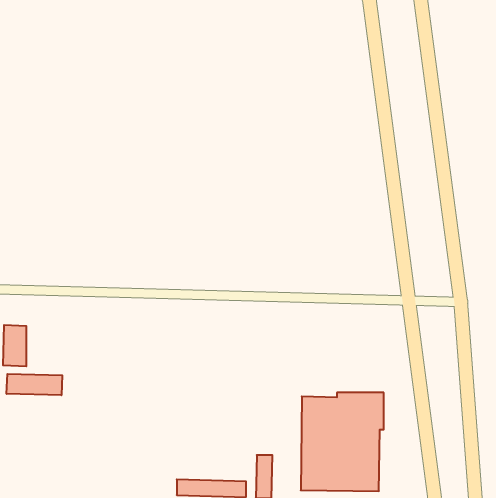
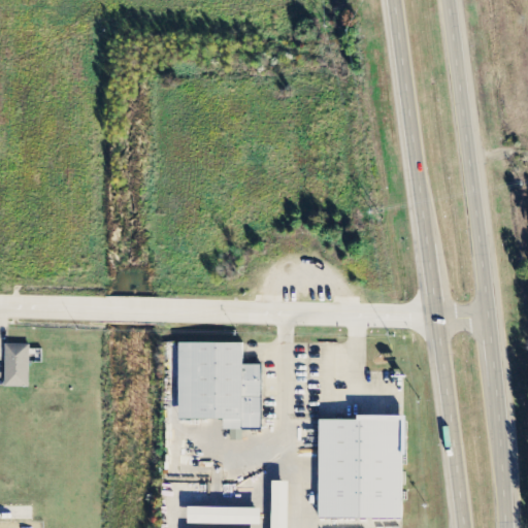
building: none -> [177,342,261,440]
building: [7,374,62,395] -> none

